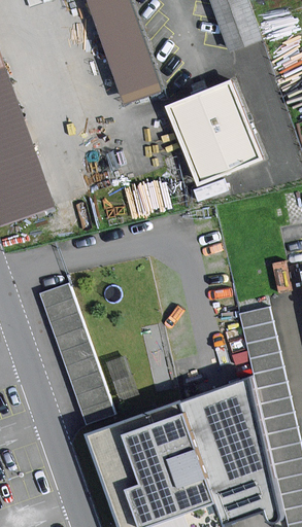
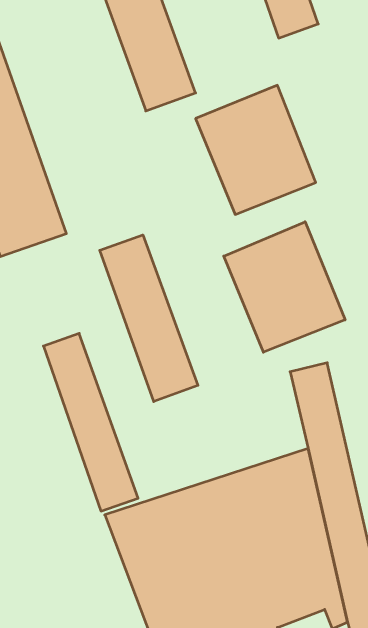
building: none -> [224,222,345,352]
building: none -> [100,235,198,402]

